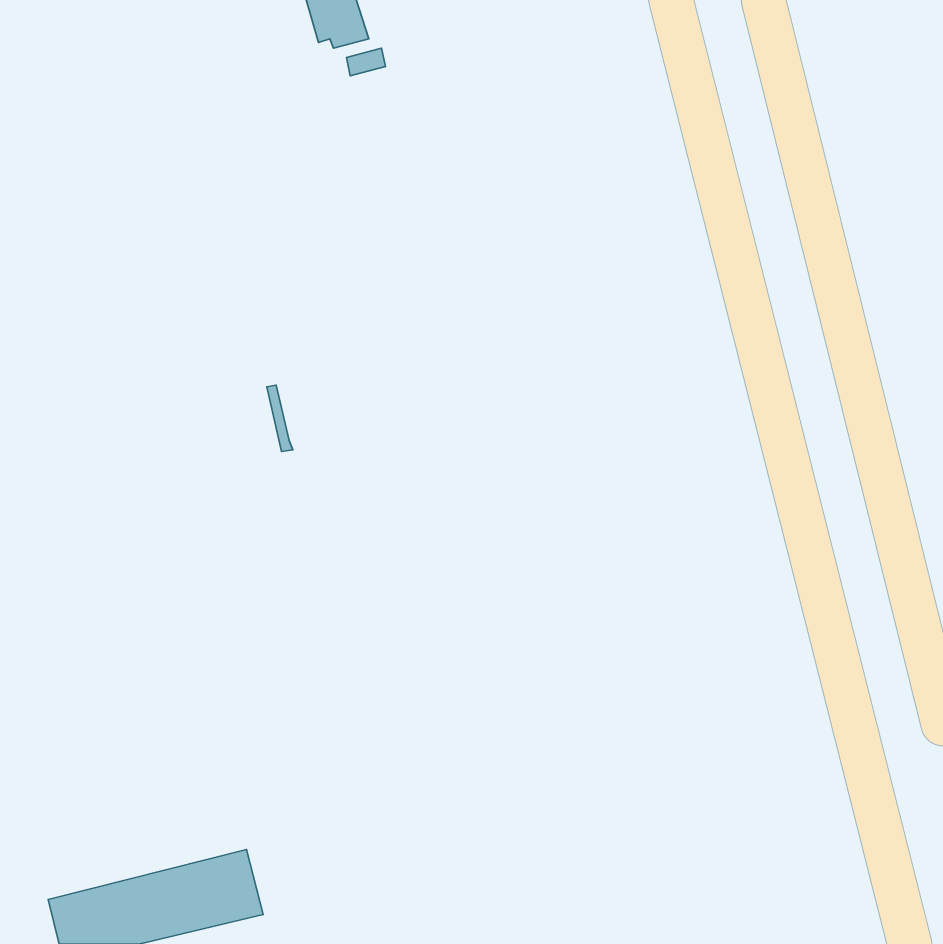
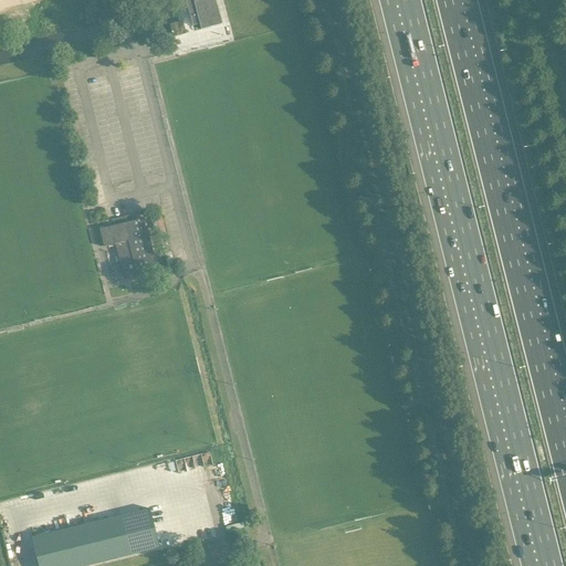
building: none -> [97,217,154,277]

